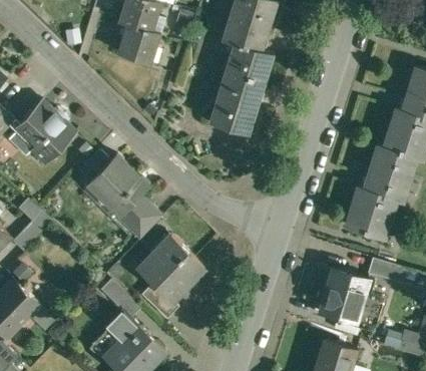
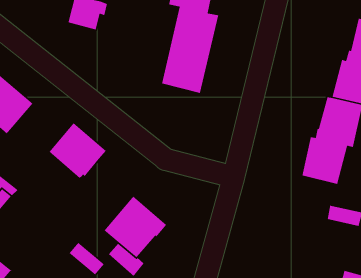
building: [114,196,161,241] -> none
building: [313,269,375,328] -> none

